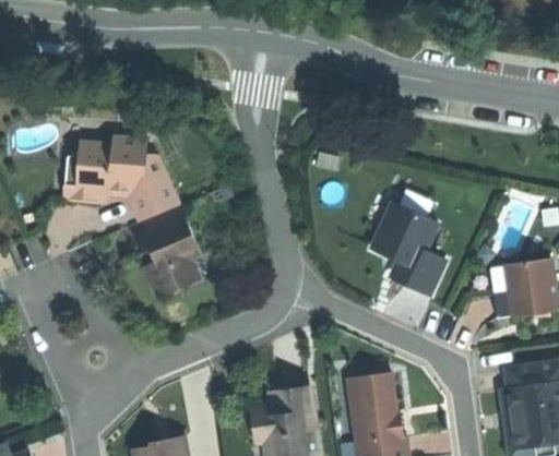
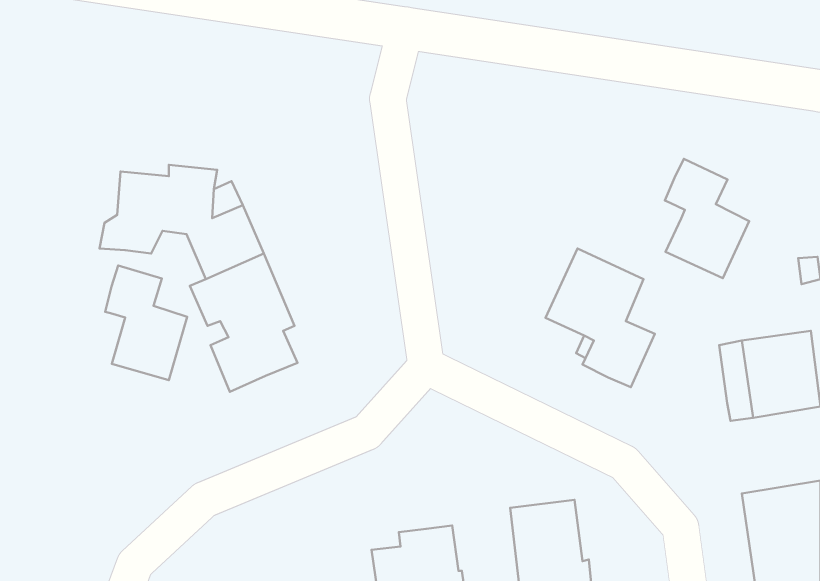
building: none -> [665,159,749,278]
building: none -> [105,265,187,380]

